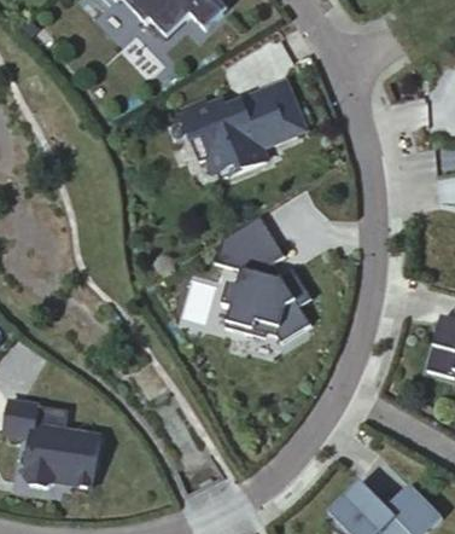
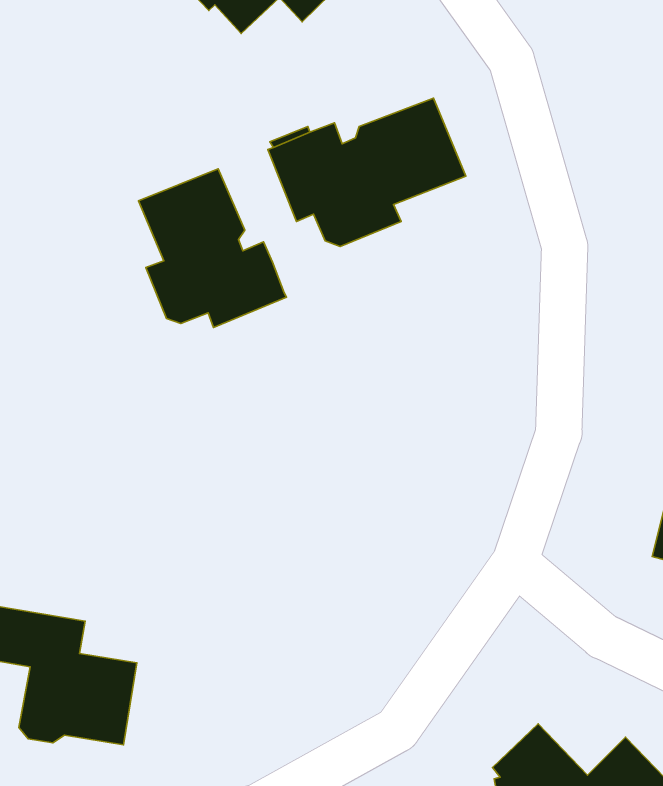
building: none -> [139,169,286,328]
building: [214,213,313,339] -> none

